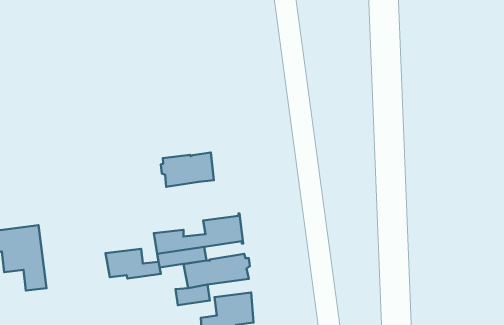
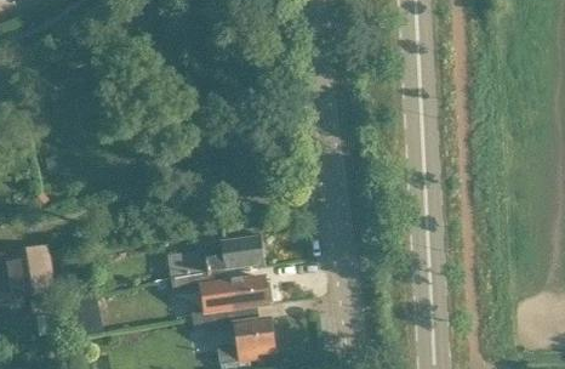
building: [161,153,214,187] -> none
building: [106,249,161,279] -> none

